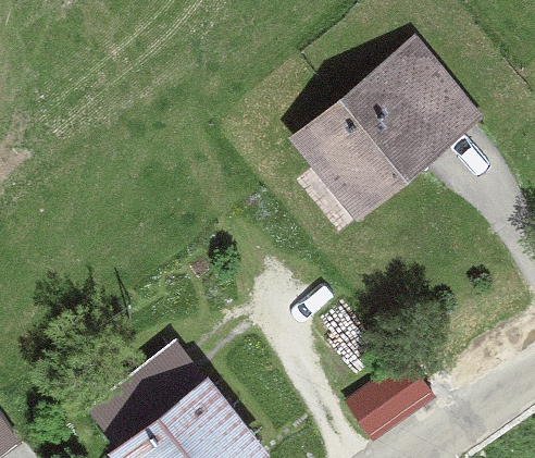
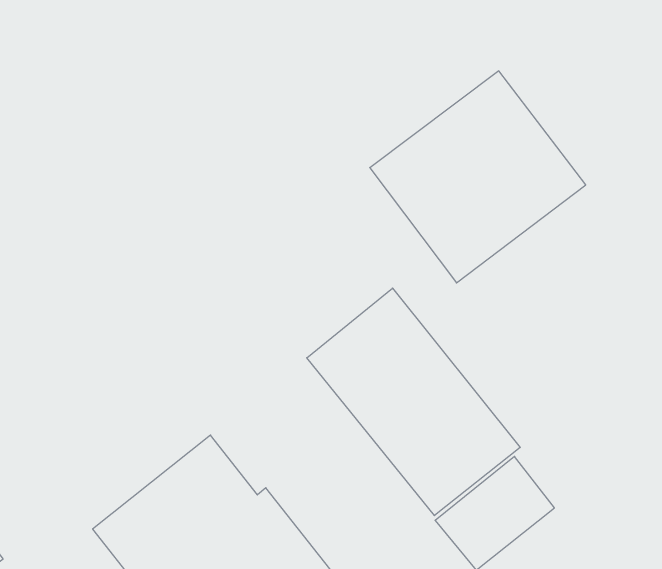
building: none -> [307,288,520,516]

